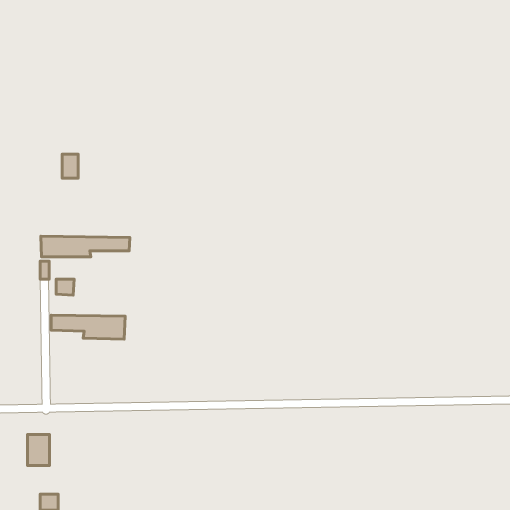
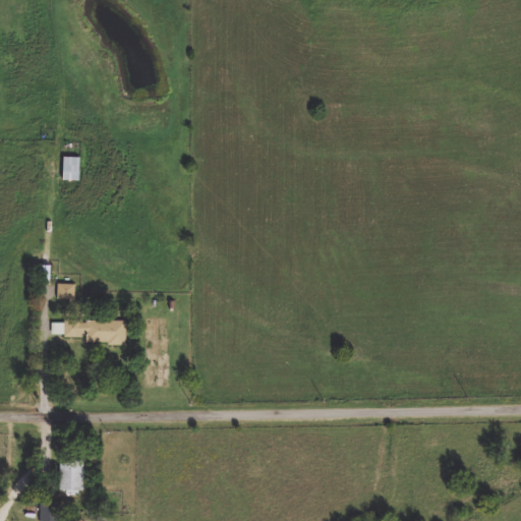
building: [41,236,130,257] -> none
building: [28,435,50,466] -> [60,460,82,491]

